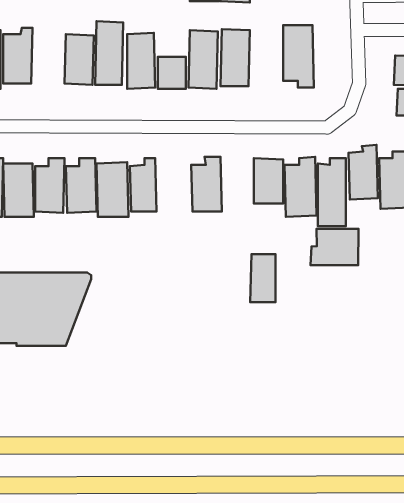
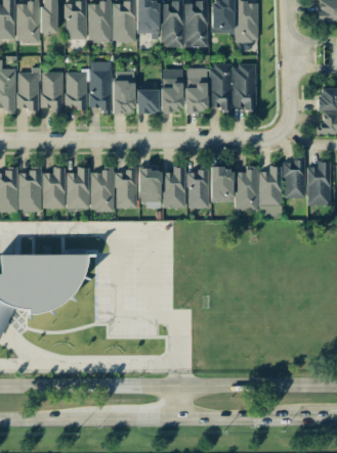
building: none -> [210,64,233,112]
building: none -> [42,72,64,110]
building: none -> [138,169,162,206]
building: [311,229,359,265] -> none
building: [250,254,275,302] -> [188,171,208,208]

